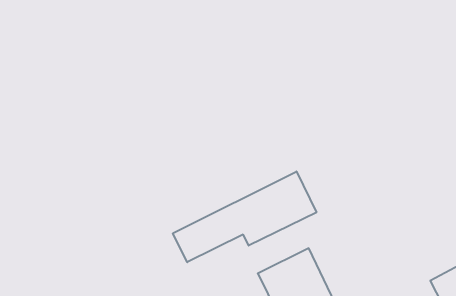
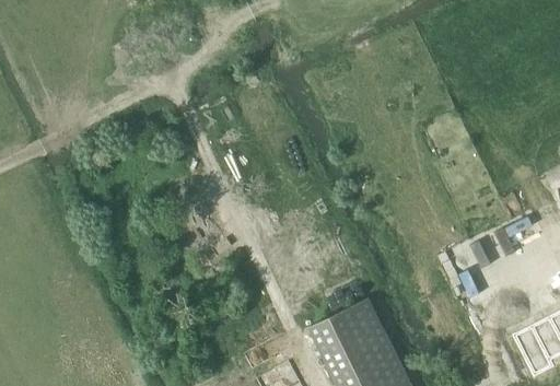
building: [173,171,316,262] -> none

